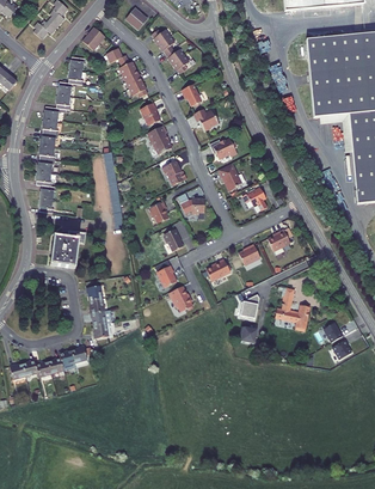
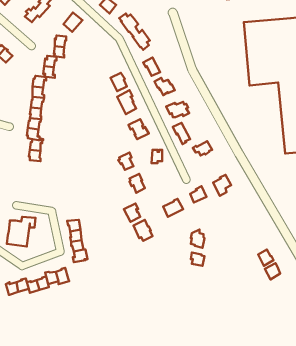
building: [105,47,147,97] -> none
building: [50,230,86,267] -> [7,217,36,247]
building: [275,287,311,330] -> none

